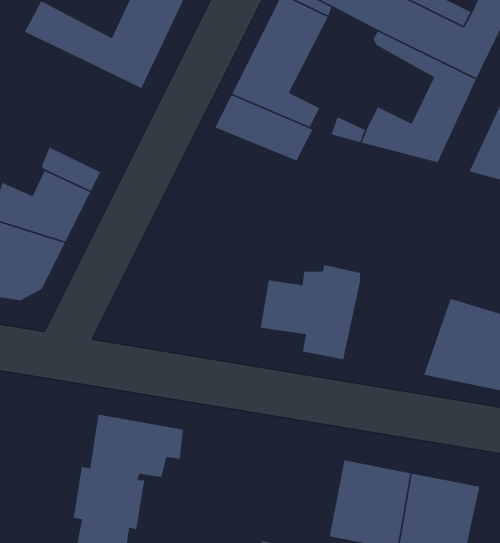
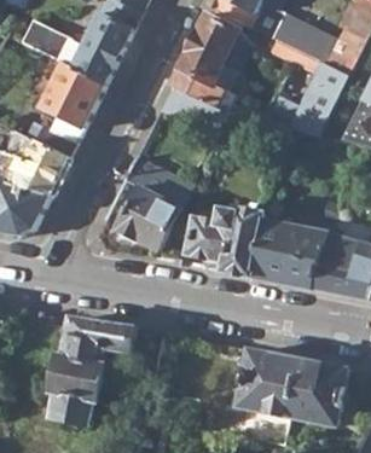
building: none -> [40,60,105,126]
building: none -> [116,156,192,250]
building: none -> [250,220,326,288]

